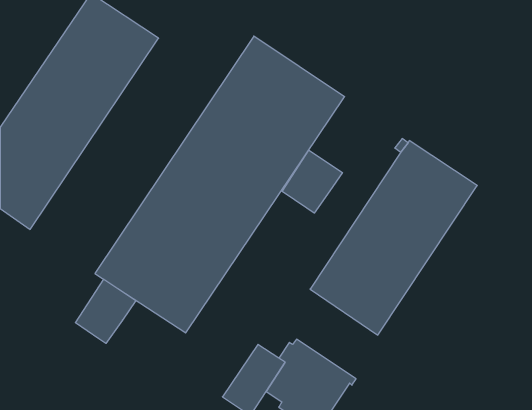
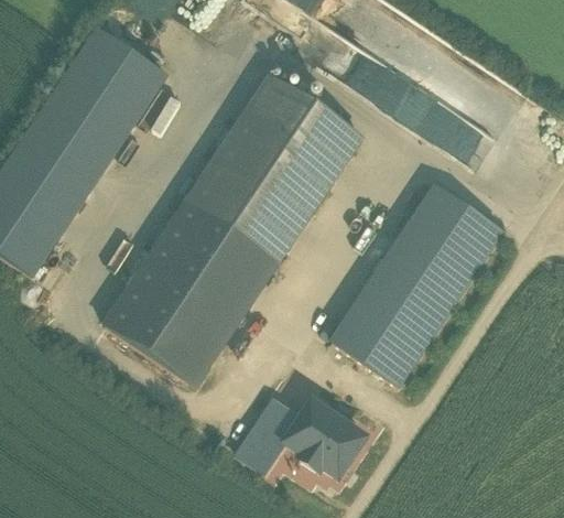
building: [282,150,342,213] -> none
building: [75,279,136,343] -> none

